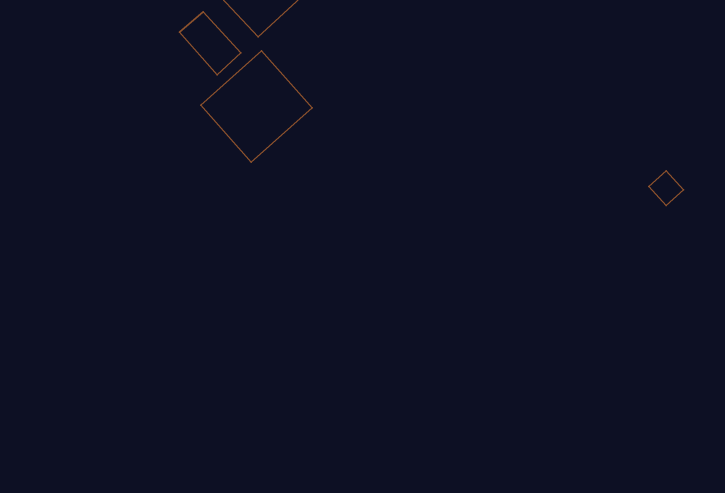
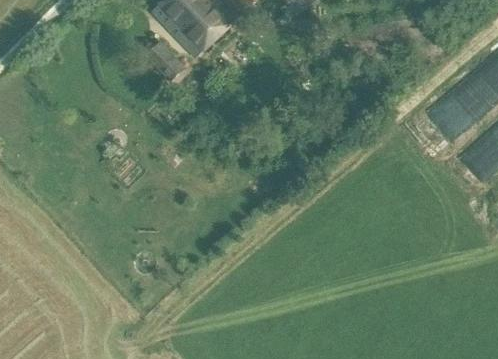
building: [201,51,312,162] -> none

